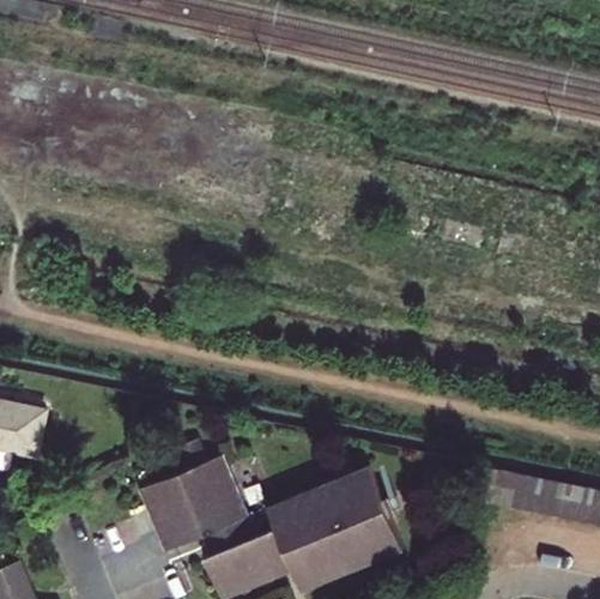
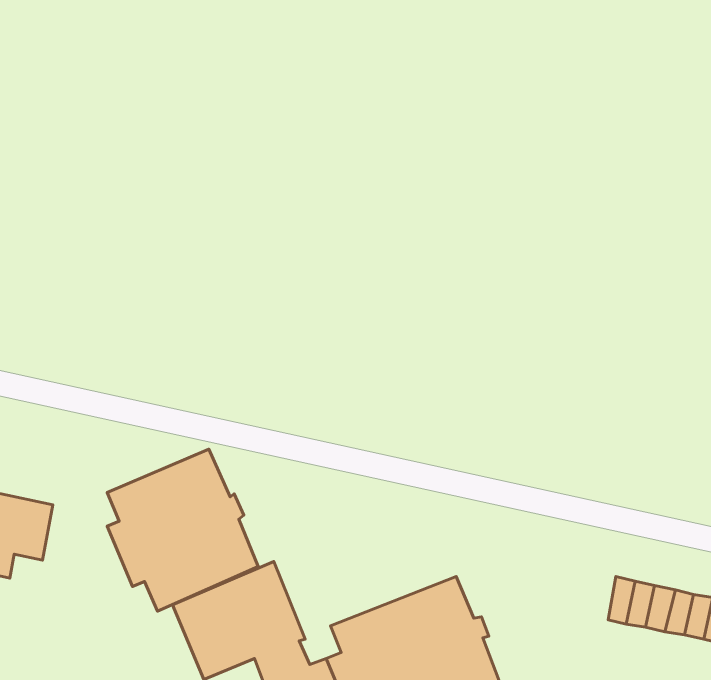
building: none -> [107,449,258,611]

